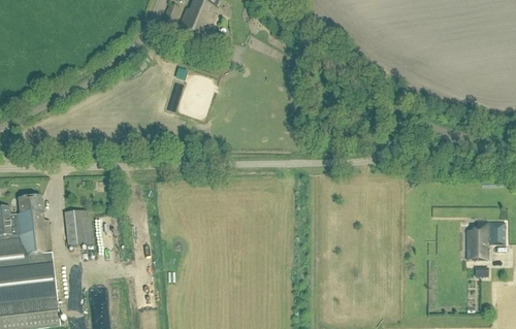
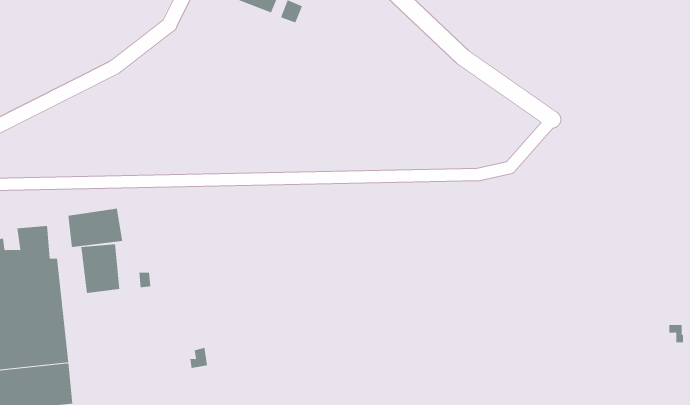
building: none -> [68,208,123,248]
building: [466,223,504,260] -> none

